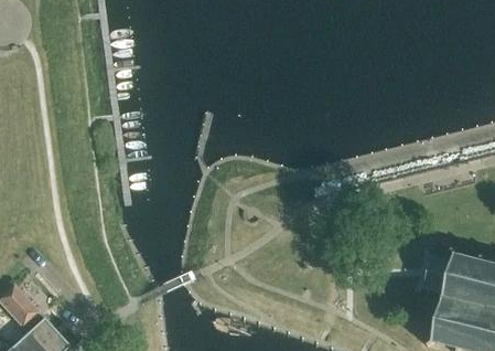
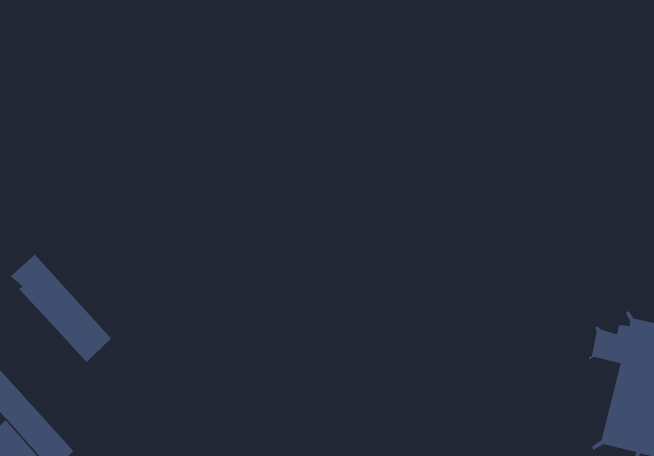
building: none -> [10,254,112,363]

